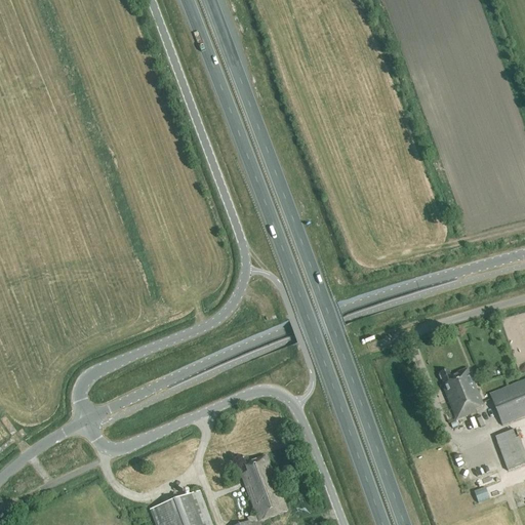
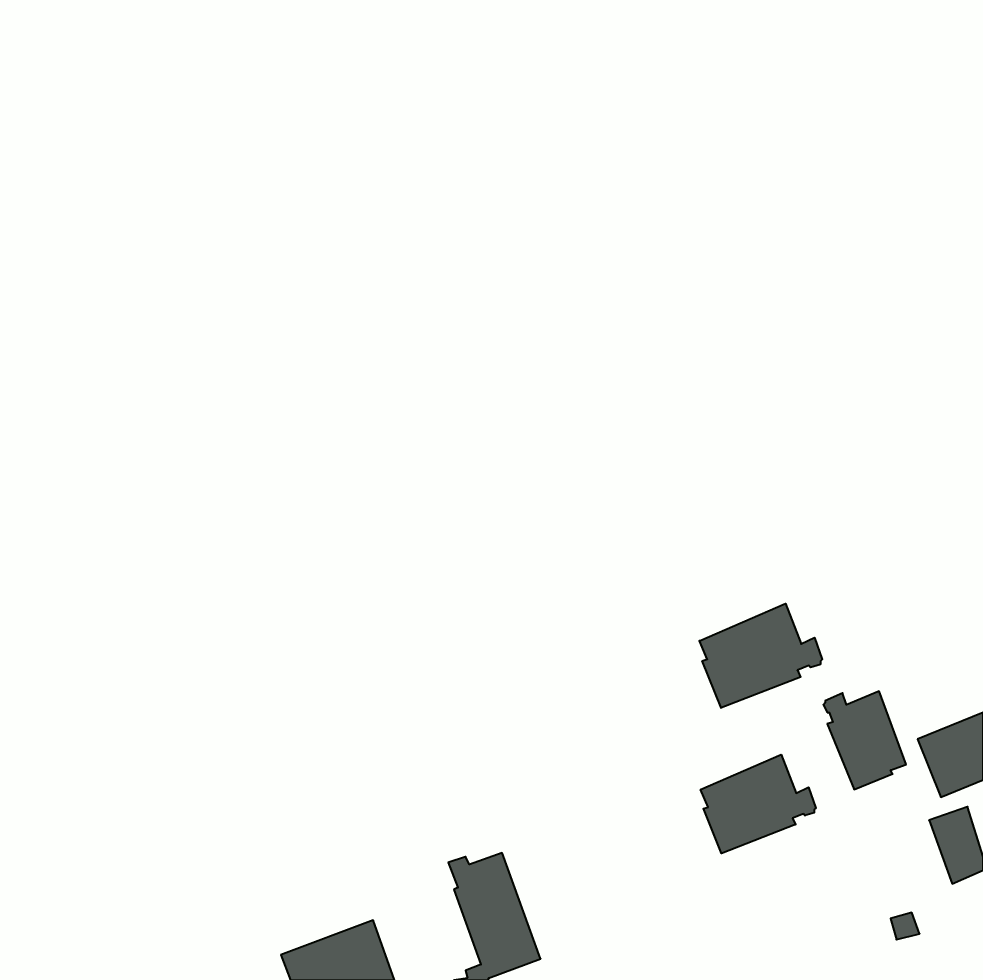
building: none -> [699,604,822,708]
building: none -> [701,755,816,853]

